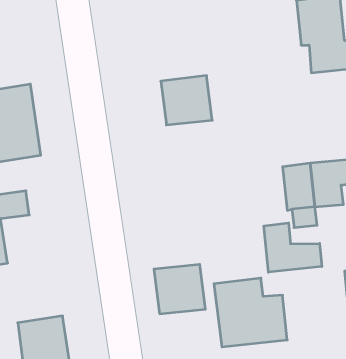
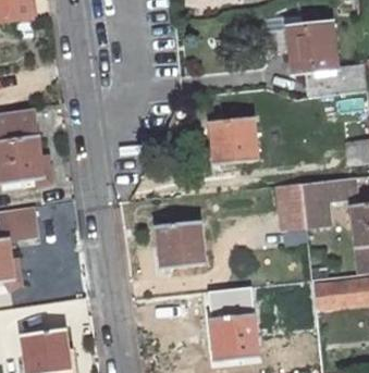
building: [161,76,212,125] -> [210,113,259,160]
building: [264,223,322,272] -> none
building: [154,264,205,314] -> [157,219,206,265]

